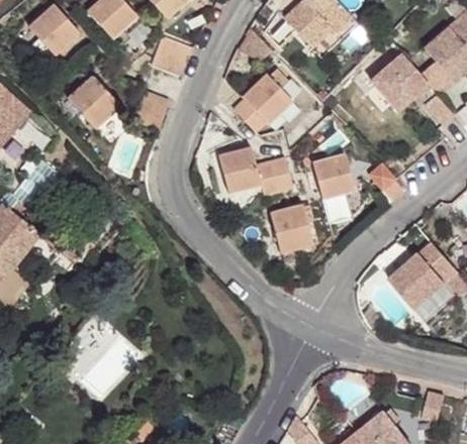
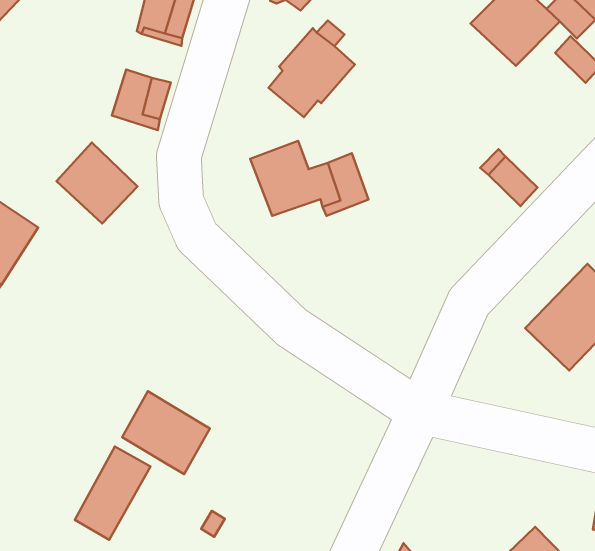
building: [68,76,120,129] -> [56,143,137,224]
building: [312,154,355,199] -> none
building: [270,204,313,254] -> none
building: none -> [122,391,210,474]

